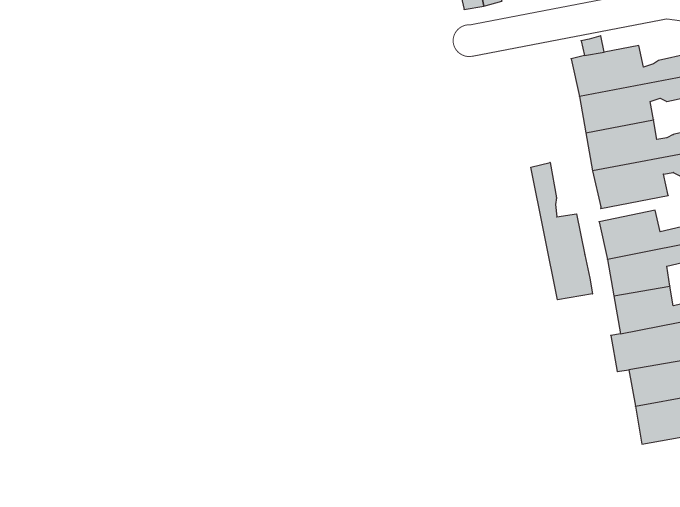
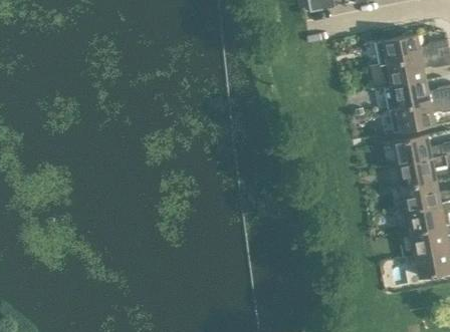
building: [531,162,592,300] -> none

